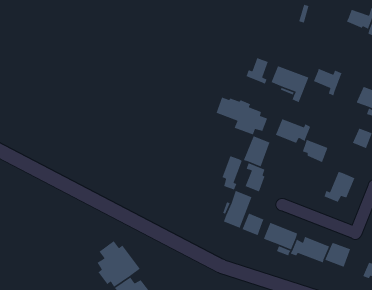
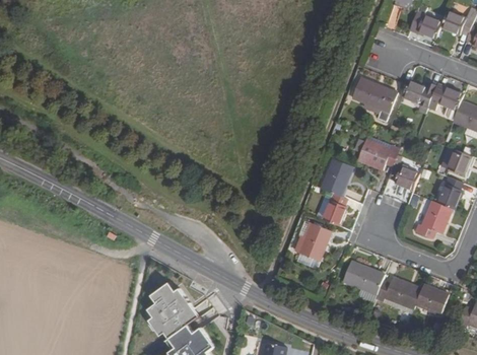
building: none -> [409,5,441,39]
building: [246,57,269,85] -> none
building: none -> [427,86,463,120]
building: [215,96,268,135] -> none
building: none -> [436,176,461,210]
building: [222,155,243,191] -> none
building: [241,212,264,236] -> none

